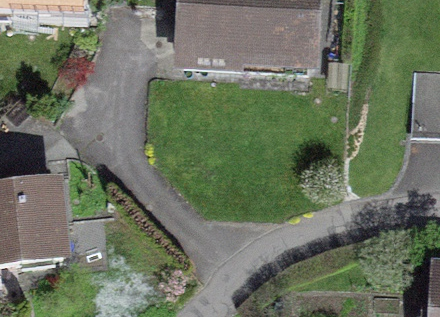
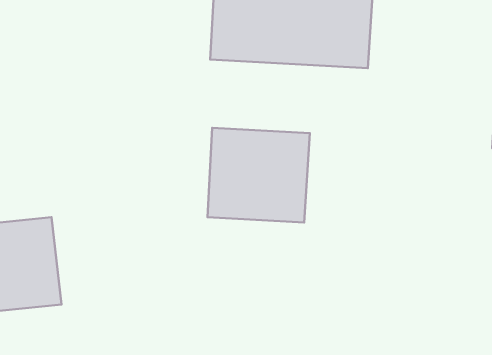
building: none -> [207,128,310,222]

